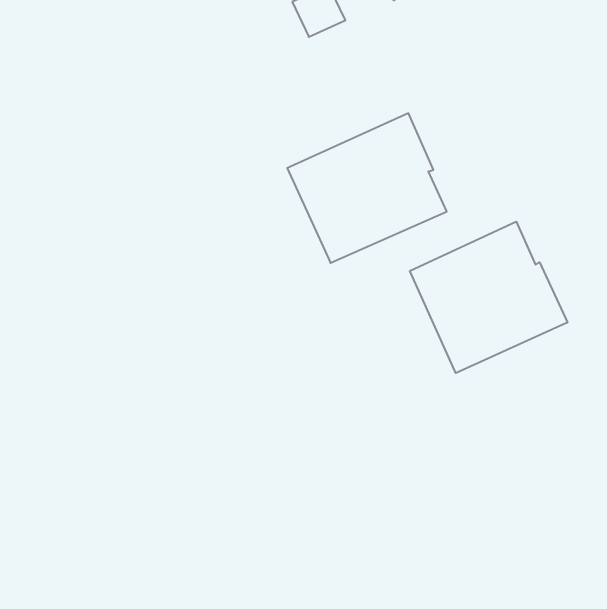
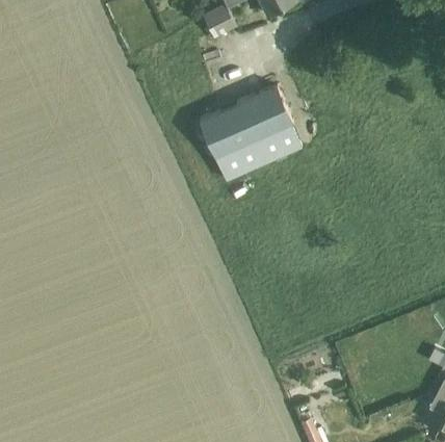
building: [410,222,567,373] -> none

